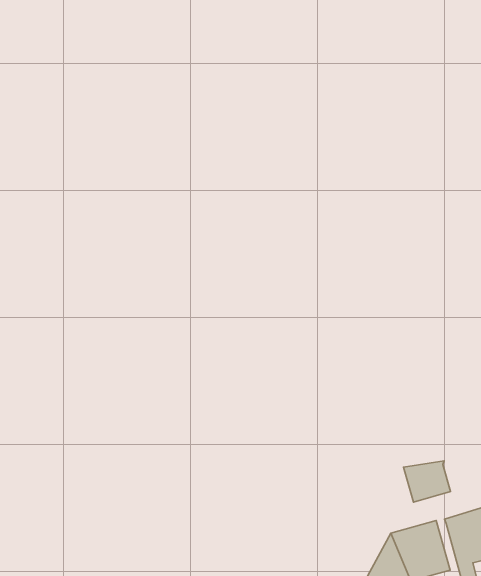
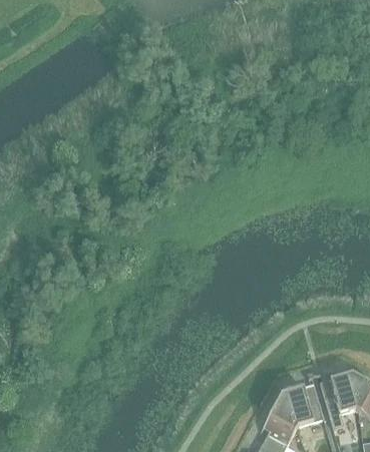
building: [403,461,451,502] -> none

